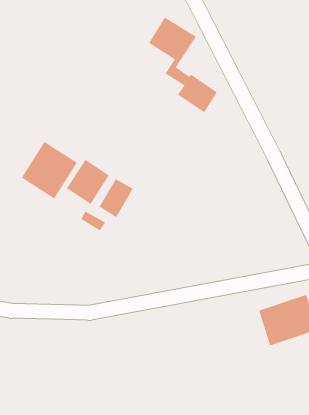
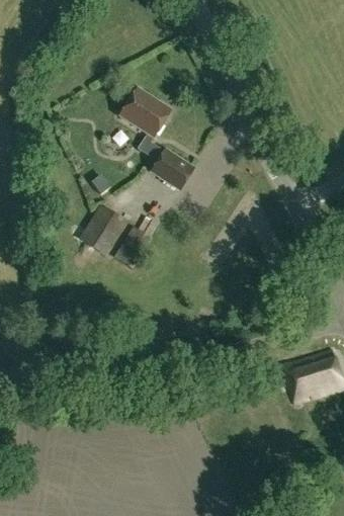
building: [148,17,218,113] -> [120,88,194,190]
building: [21,141,78,199] -> none

